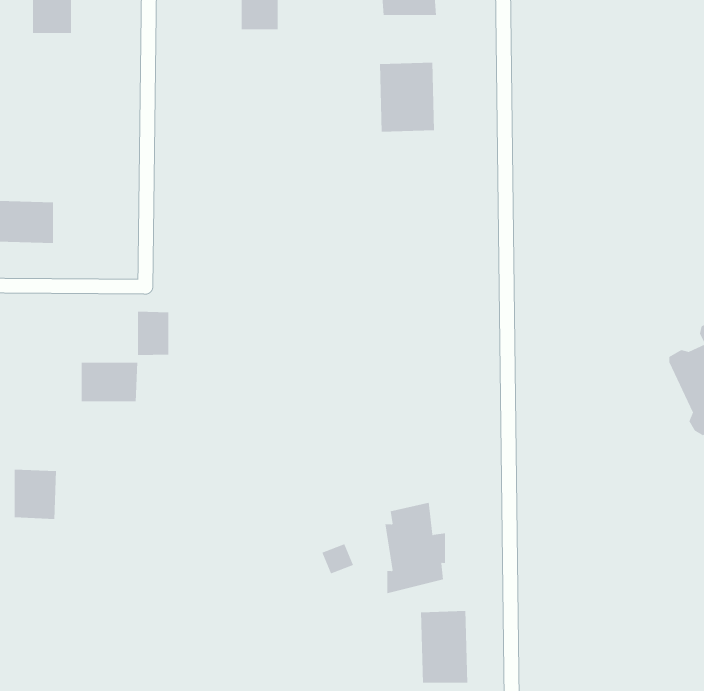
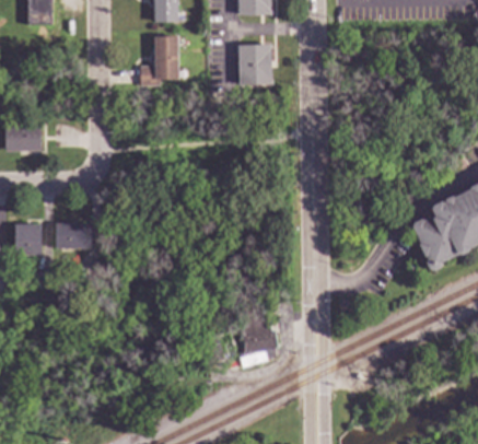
building: none -> [139,37,177,86]
building: [137,311,169,356] -> none
building: [14,469,57,519] -> [15,224,42,255]
building: [421,610,468,684] -> none

